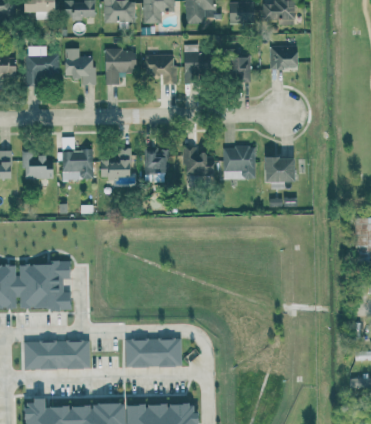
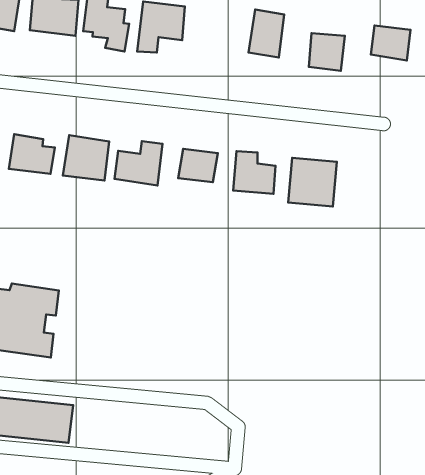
building: [145,54,178,84] -> none
building: [264,157,294,189] -> none
building: [125,338,182,367] -> none

